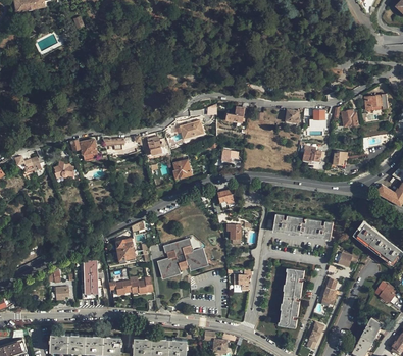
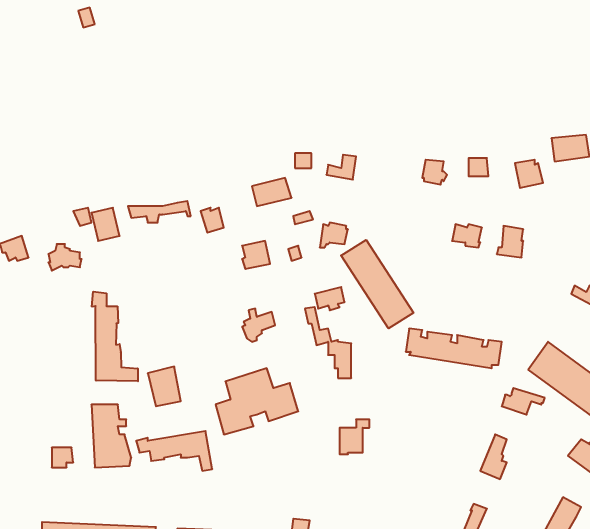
building: none -> [341,240,413,328]
building: none -> [92,292,138,381]
building: [281,269,304,327] -> none

